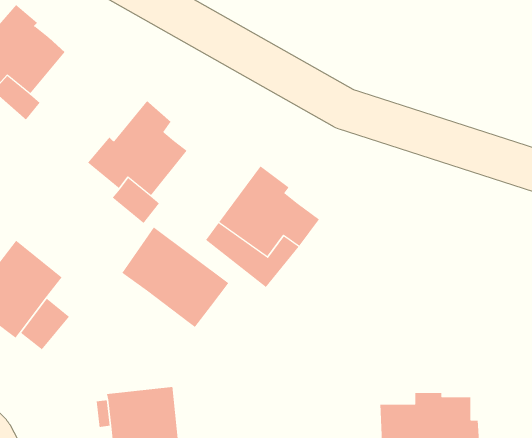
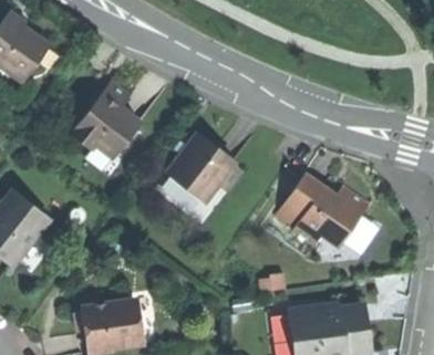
building: none -> [279,177,370,250]
building: [122,227,229,328] -> none

